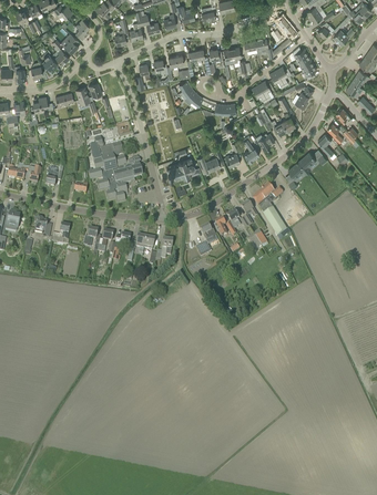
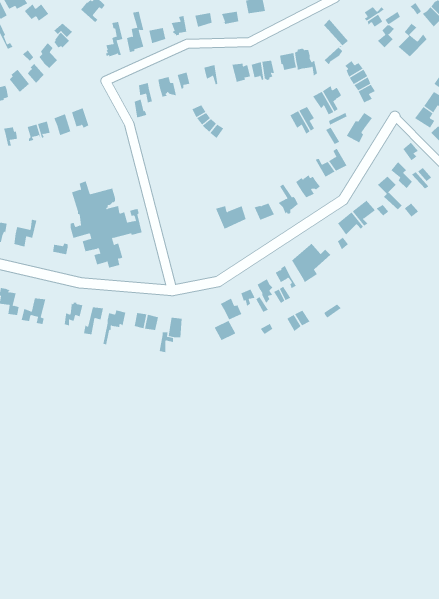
building: [166,158,201,182] -> none

